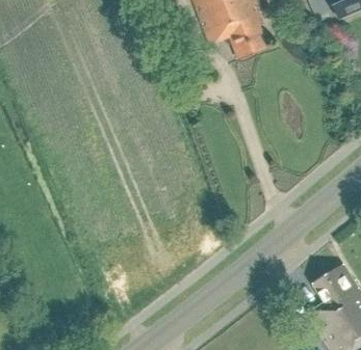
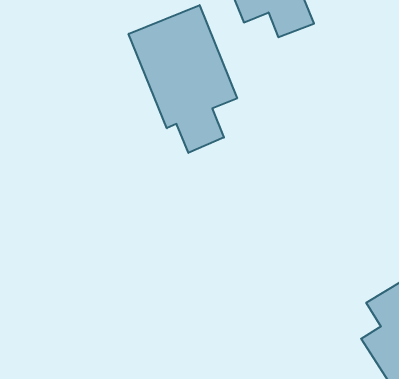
building: none -> [129,5,237,153]

